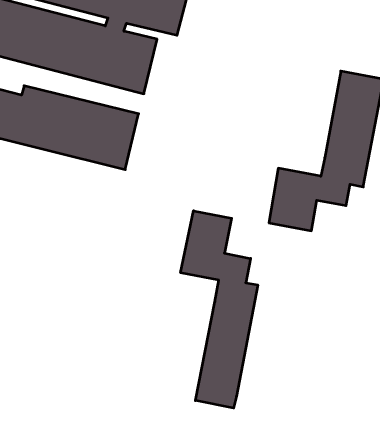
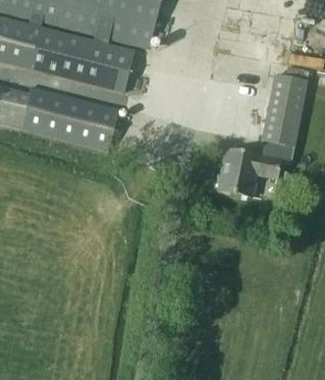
building: [181,211,258,408] -> none

